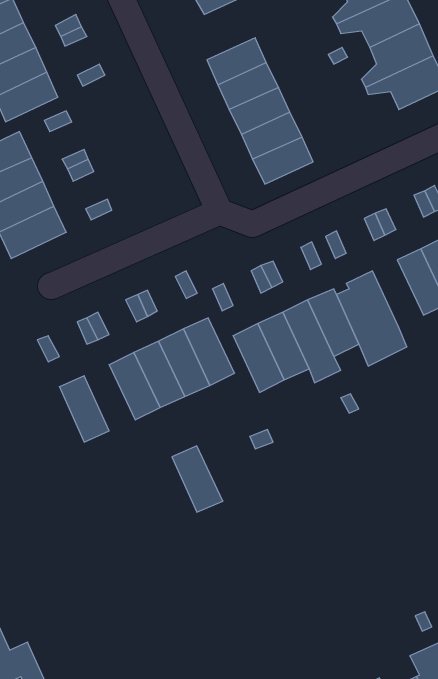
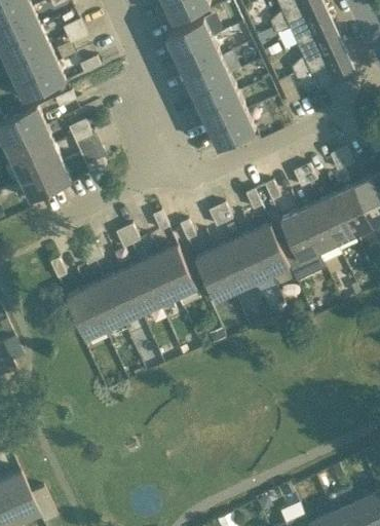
building: none -> [166,20,212,54]
building: none -> [299,203,337,254]
building: [172,446,223,512] -> [84,281,122,331]

